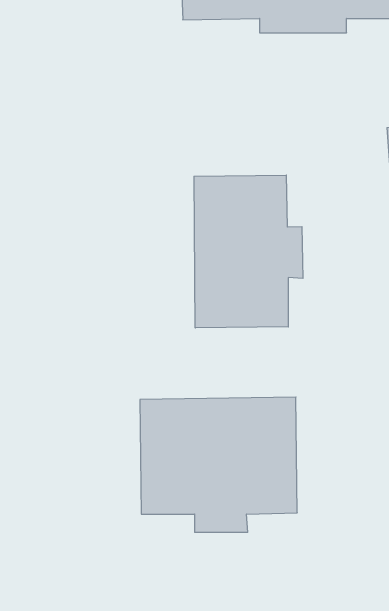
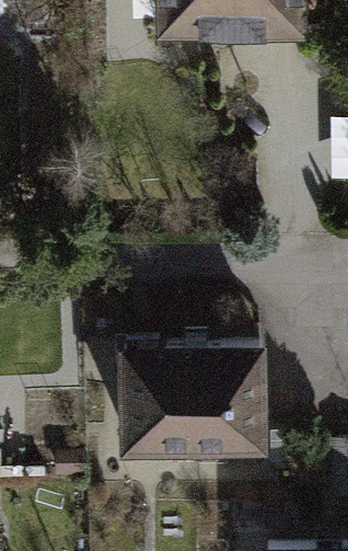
building: [194,175,303,328] -> none

